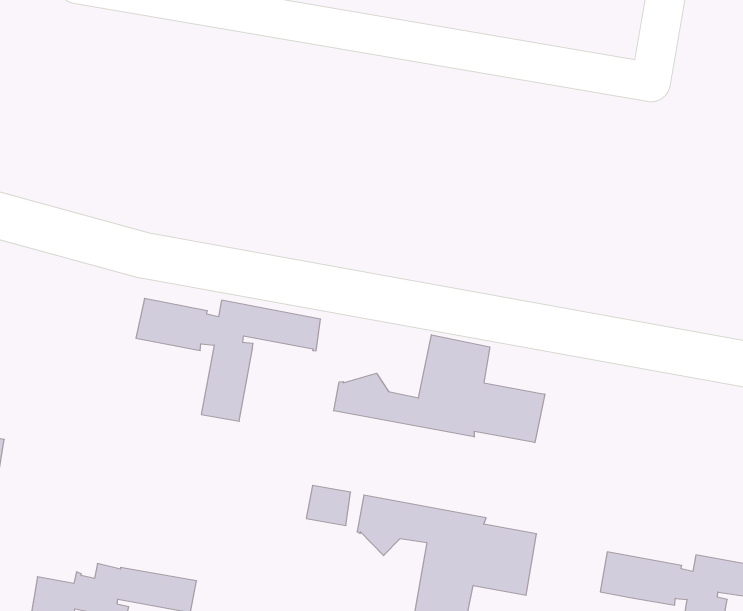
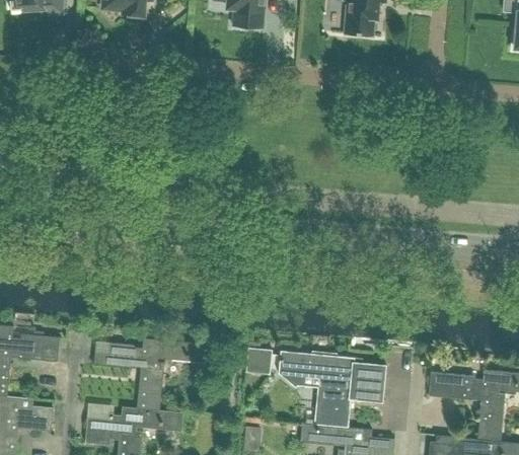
building: [136,298,321,421] -> [93,337,204,409]
building: [334,335,545,443] -> none

